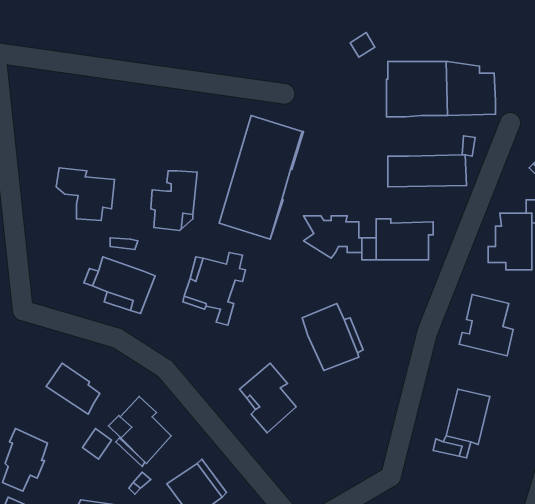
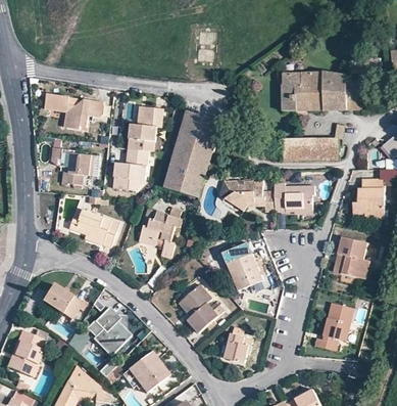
building: none -> [44,93,102,128]
building: none -> [130,105,163,150]
building: none -> [225,332,253,362]

